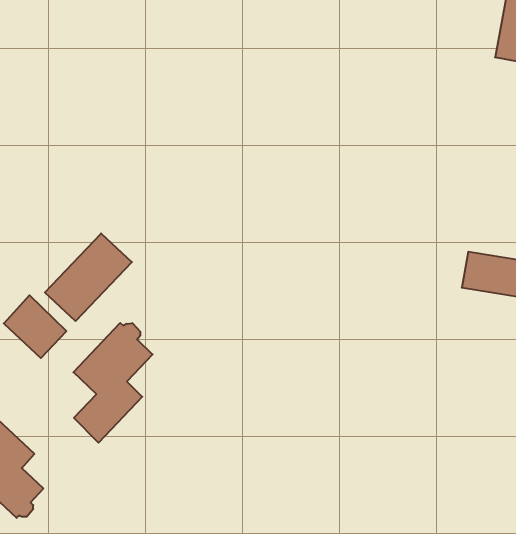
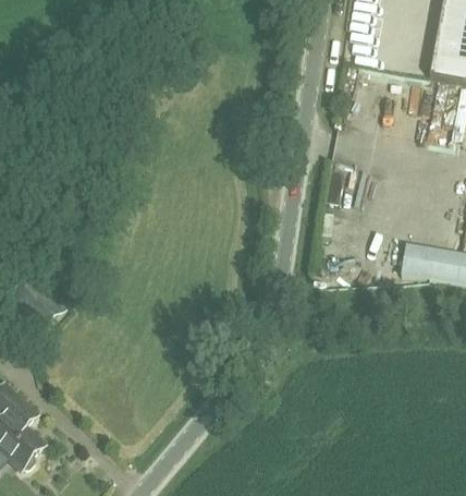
building: [45,233,132,321] -> none
building: [73,323,153,443] -> none

